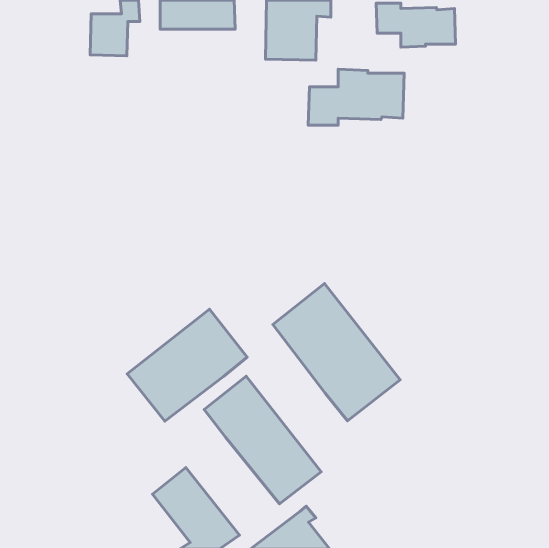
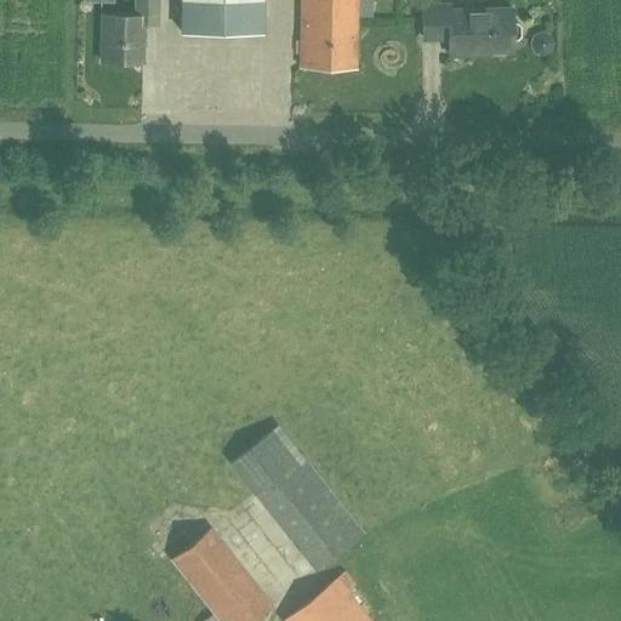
building: [308,69,404,125] -> none
building: [273,283,400,421] -> none
building: [127,309,247,421] -> none

